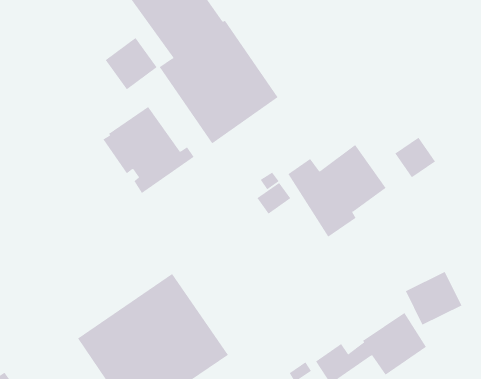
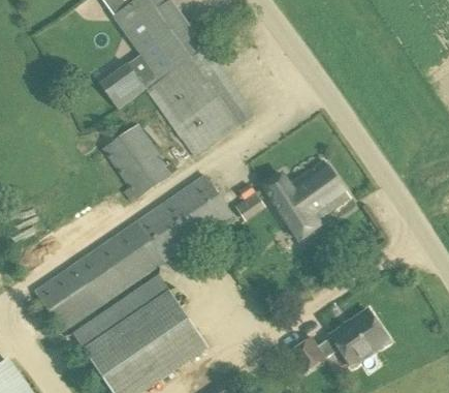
building: [395,137,436,178] -> none
building: none -> [34,172,233,331]
building: [405,271,462,326] -> none

